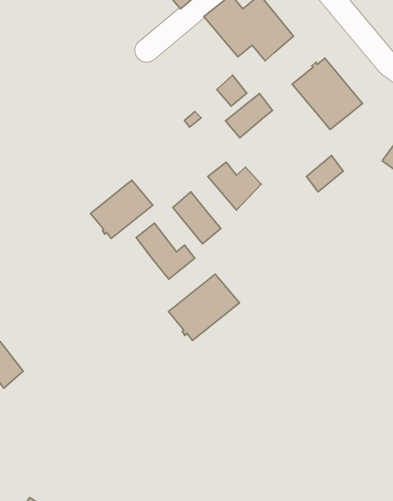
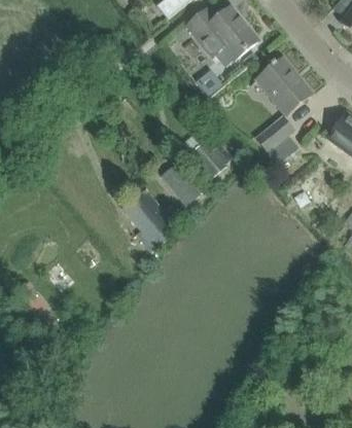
building: [226,94,272,138] -> [256,116,293,151]
building: [90,180,153,238] -> none
building: [168,274,239,340] -> none

